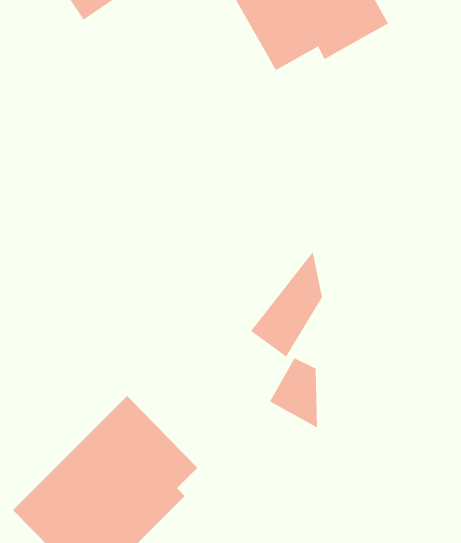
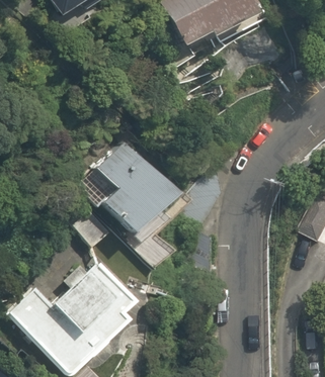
building: none -> [90,139,175,264]

